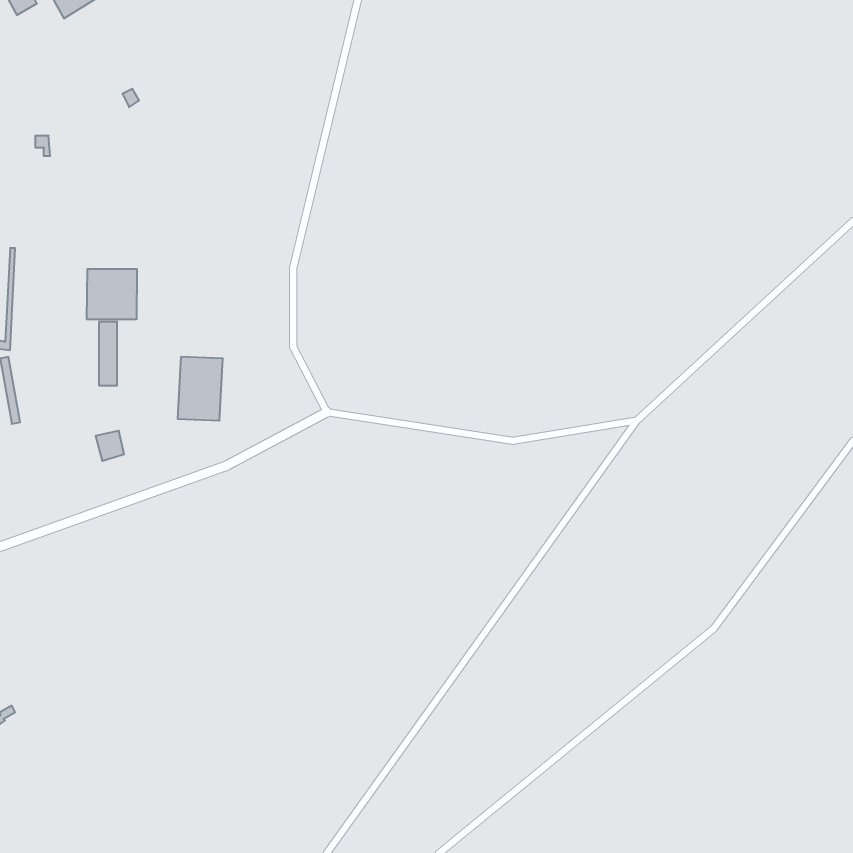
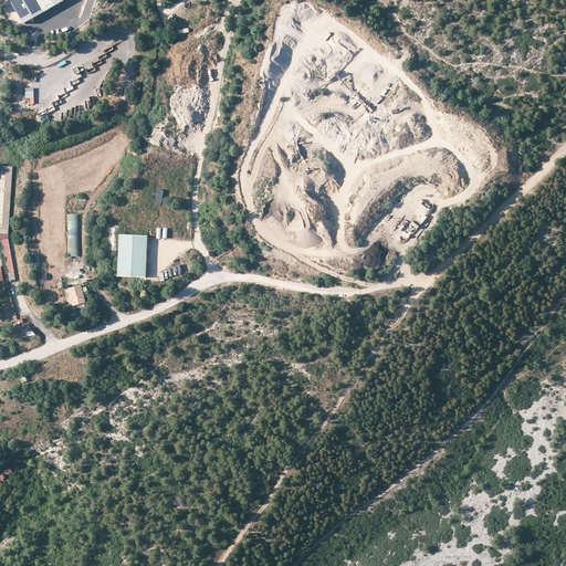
building: [87,269,137,319] -> none

